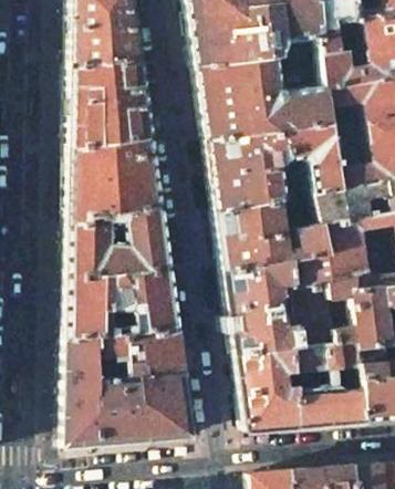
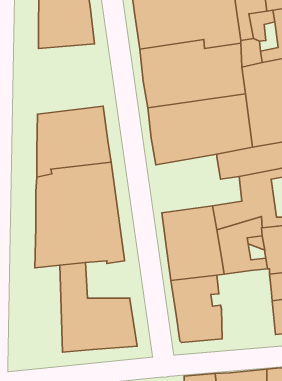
building: [73,60,155,147] -> none
building: [220,197,328,270] -> none
building: [133,329,189,377] -> none
building: [67,335,104,447] -> none
building: [297,340,364,371] -> none
building: [302,383,370,427] -> none

